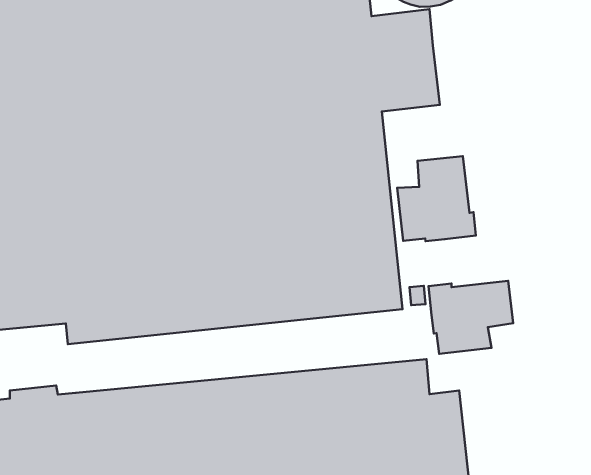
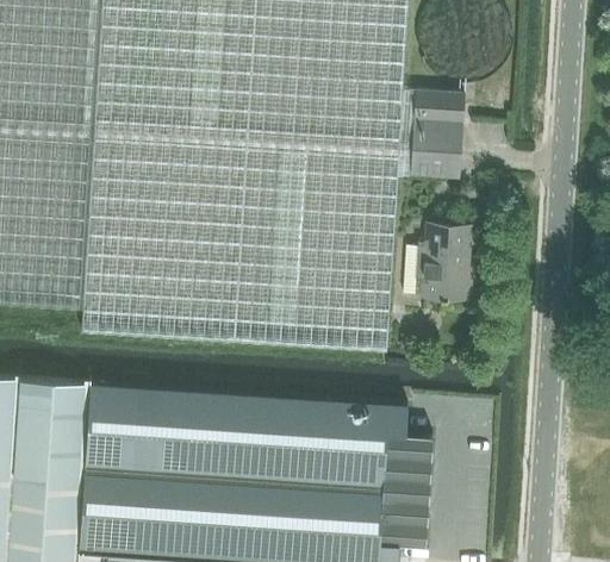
building: [428,281,513,354] -> none

